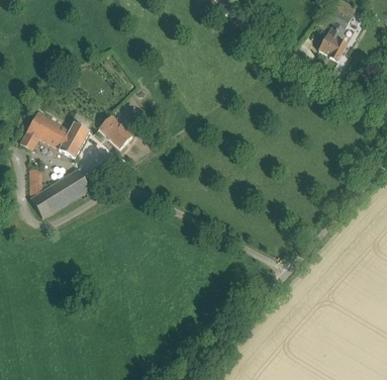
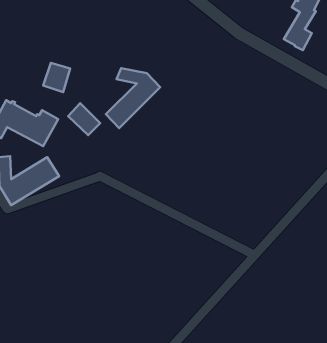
building: none -> [43,63,70,92]
building: none -> [106,68,160,128]

